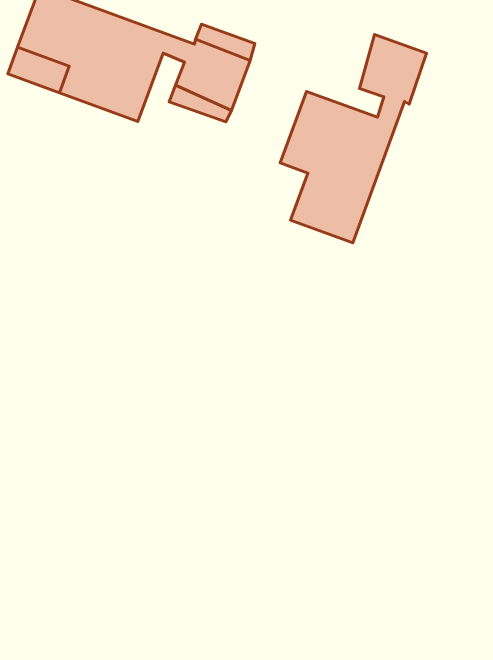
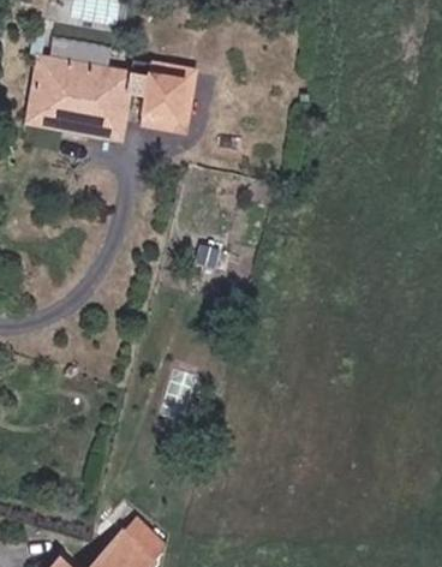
building: [280,35,427,243] -> none

